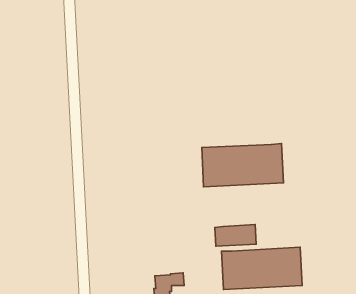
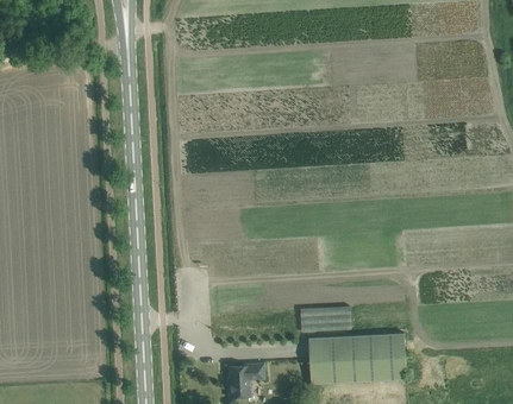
building: [202,144,283,187] -> none

